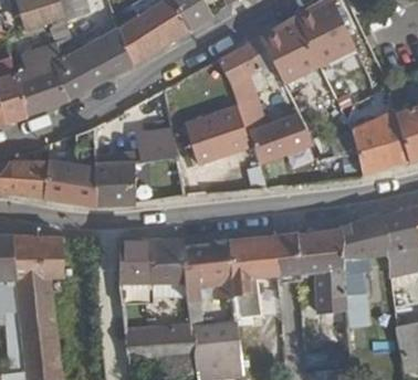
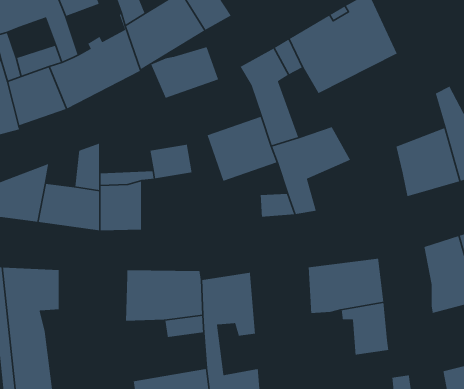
building: none -> [150,46,219,99]
building: [341,215,386,300] -> none
building: [229,236,281,303] -> none

